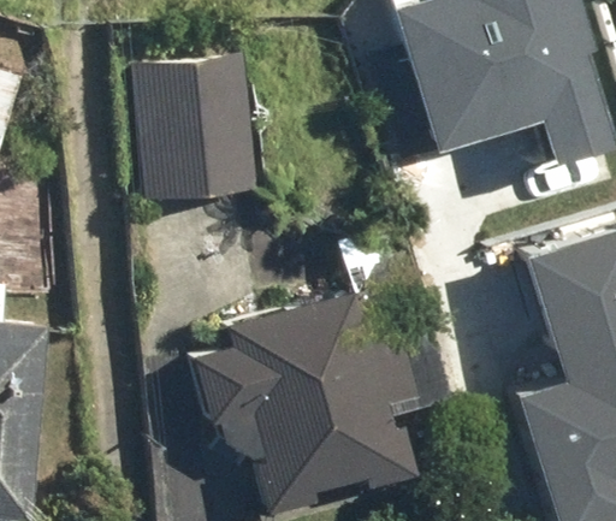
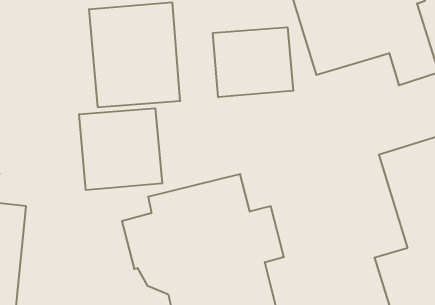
building: none -> [213,27,293,97]
building: none -> [79,108,162,190]

